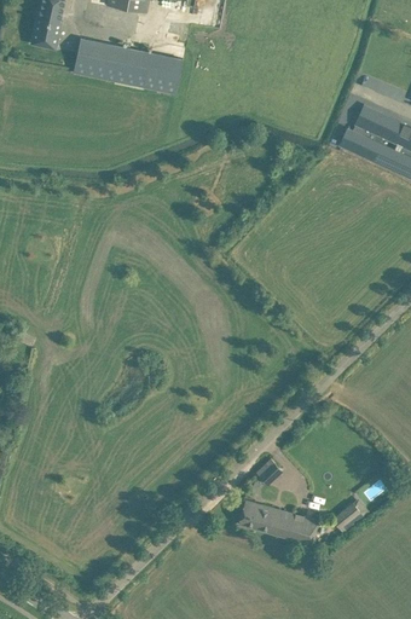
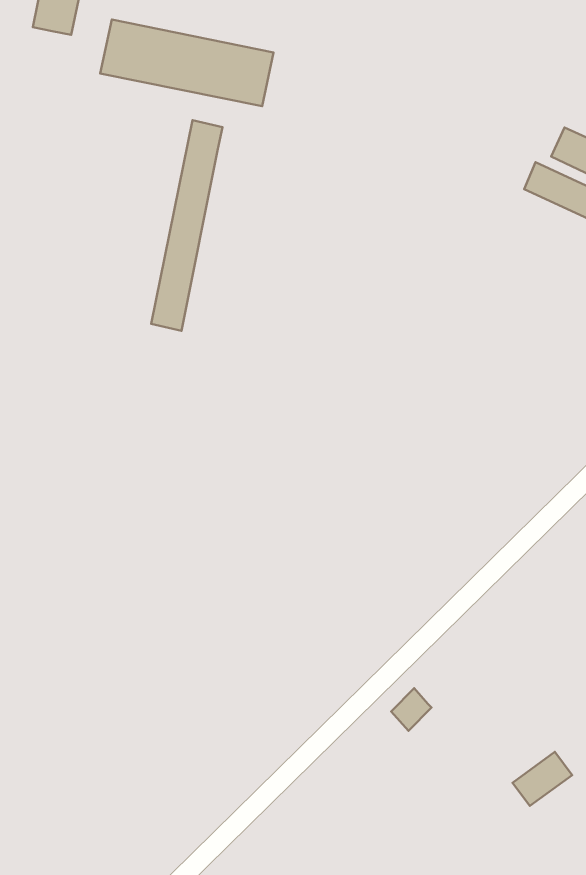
building: none -> [151,120,223,331]
building: [238,499,318,544] -> none

